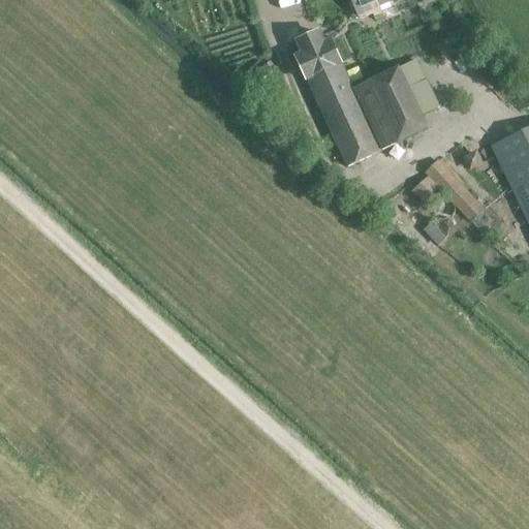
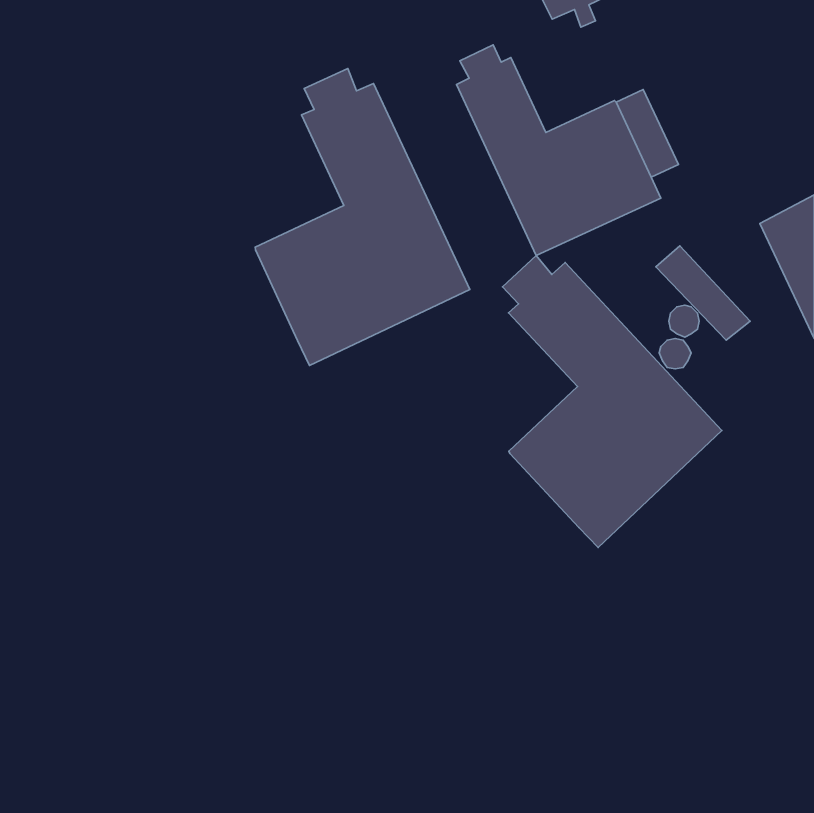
building: none -> [255,68,470,365]
building: none -> [502,256,722,548]

